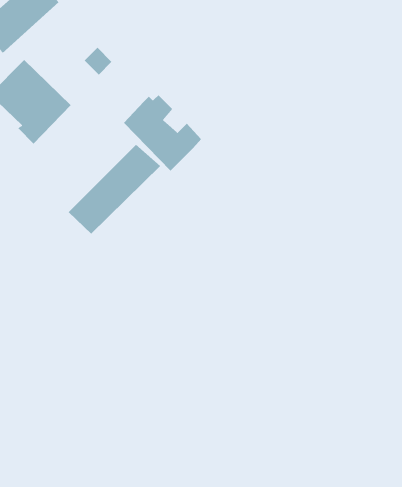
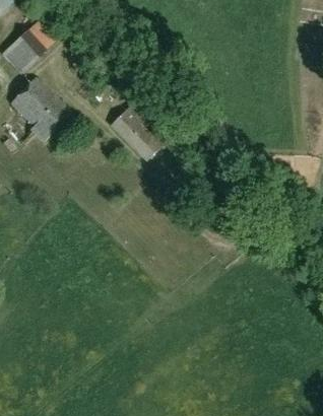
building: [68,144,161,234] -> none

